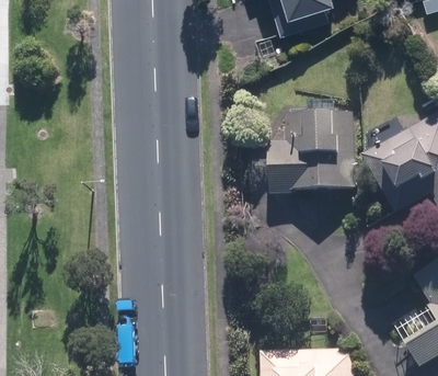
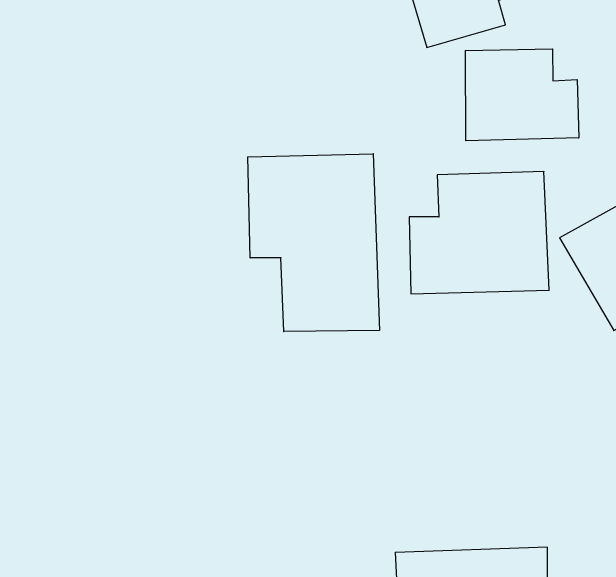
building: none -> [465,49,579,141]
building: none -> [248,154,379,332]

